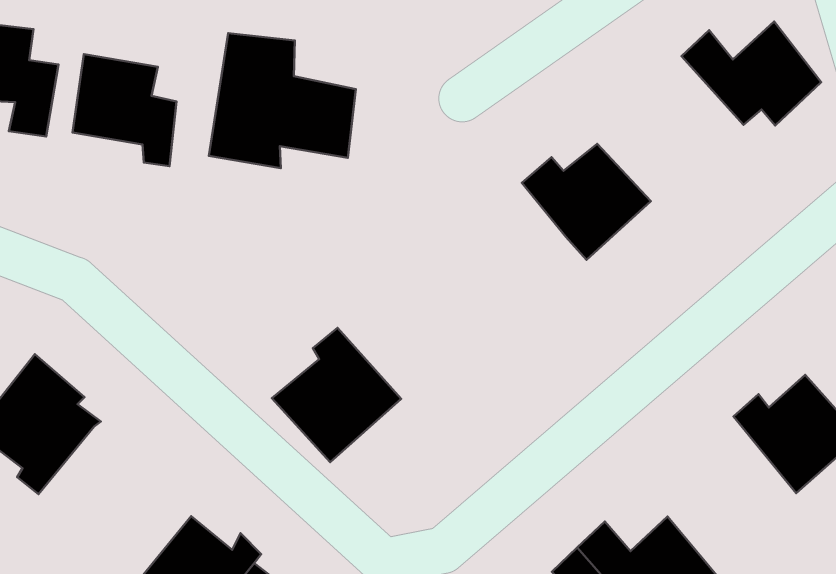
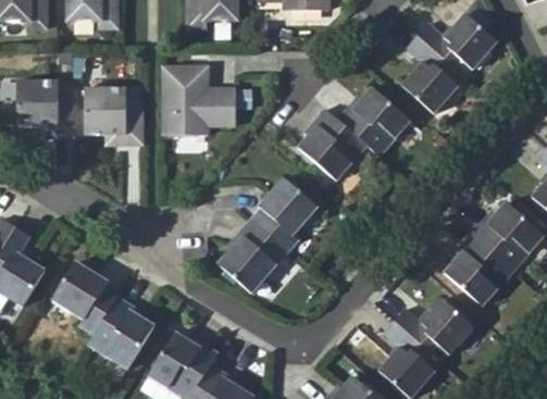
building: none -> [400,43,451,114]
building: none -> [298,115,363,186]
building: none -> [246,176,316,252]
building: none -> [445,236,509,306]
building: none -> [91,291,159,365]

